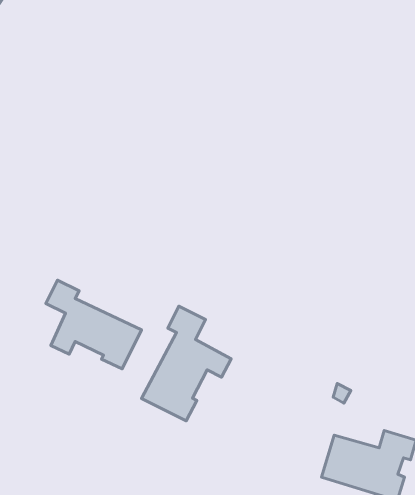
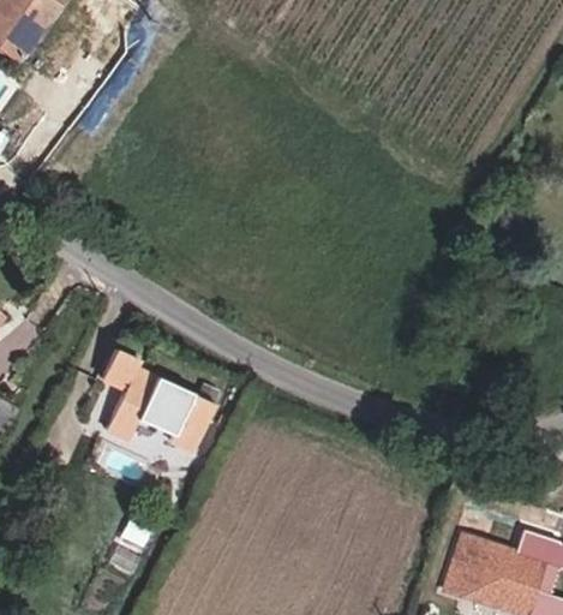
building: [141,306,231,421] -> none

